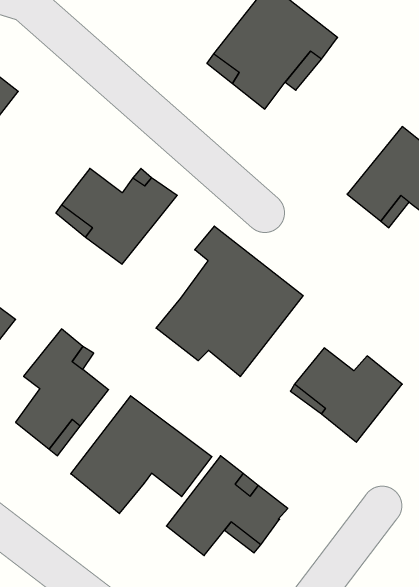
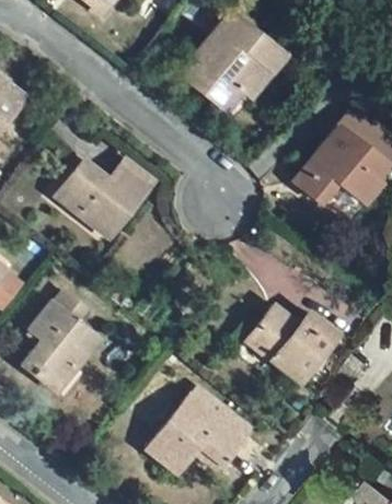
building: [156,226,303,377] -> none
building: [71,396,212,514] -> none

